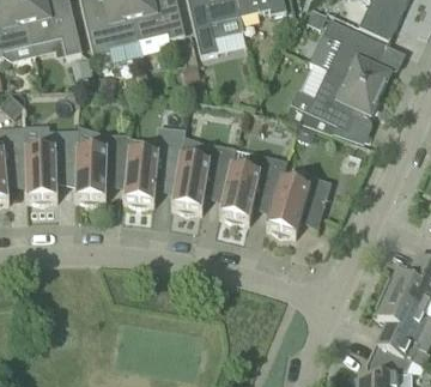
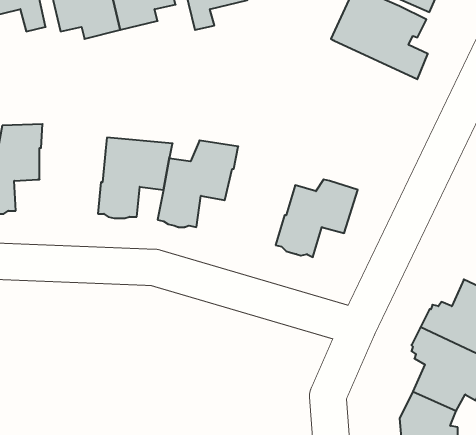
building: [291,62,380,131] -> none
building: [74,126,132,202] -> none
building: [219,153,287,222] -> none

